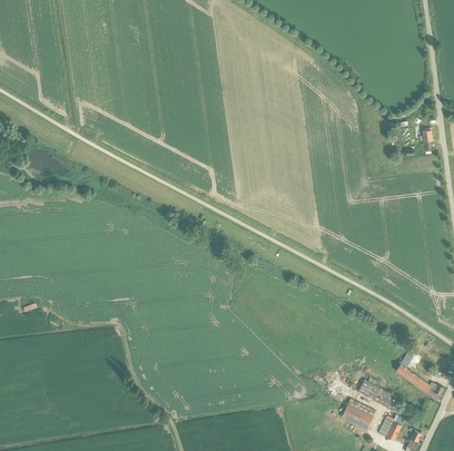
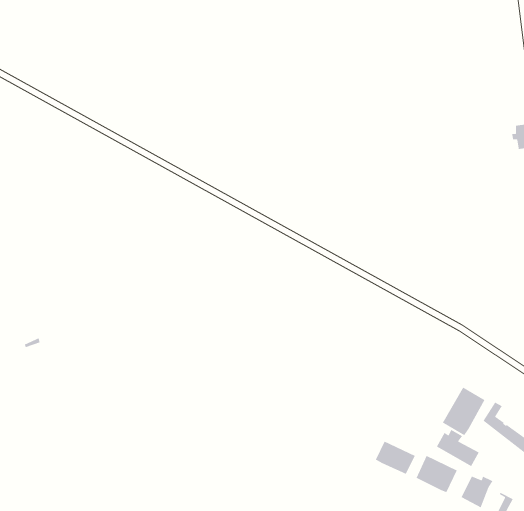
building: none -> [442,386,486,436]
building: none -> [375,441,416,475]

